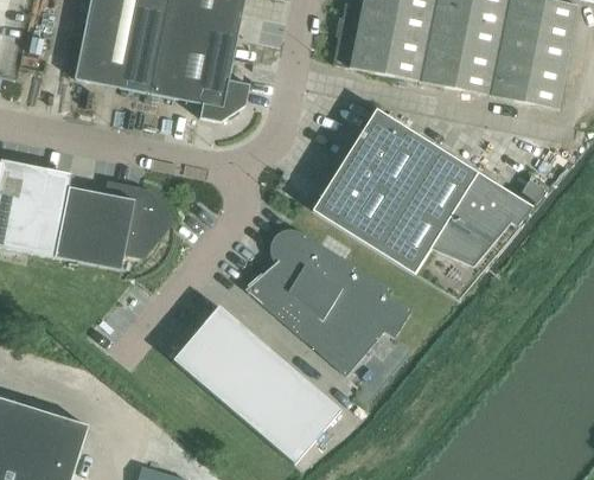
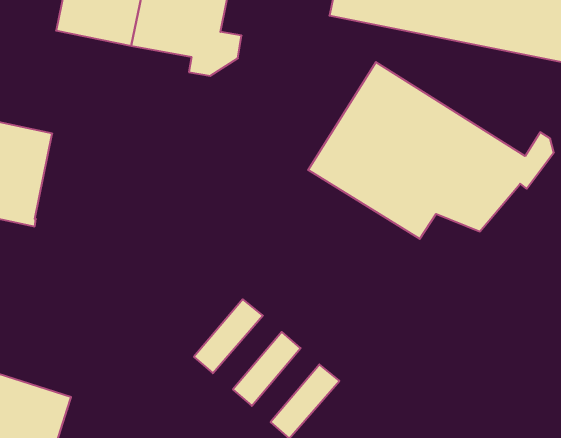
building: [53,175,172,269] -> none
building: [244,229,409,376] -> none
building: [173,306,250,386] -> none
building: [222,347,287,417] -> none
building: [258,378,322,448] -> none

